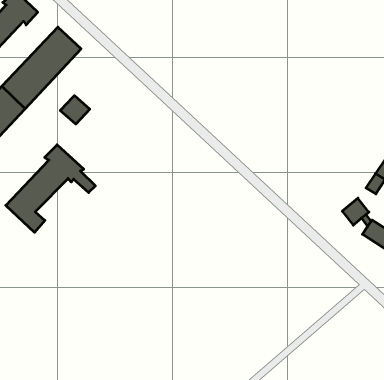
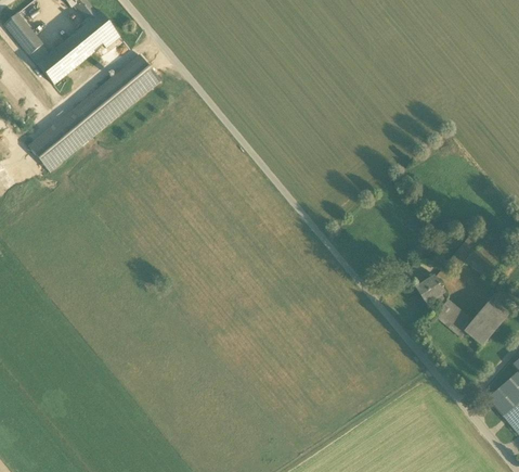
building: [60,96,90,124] -> none
building: [6,145,95,232] -> none

